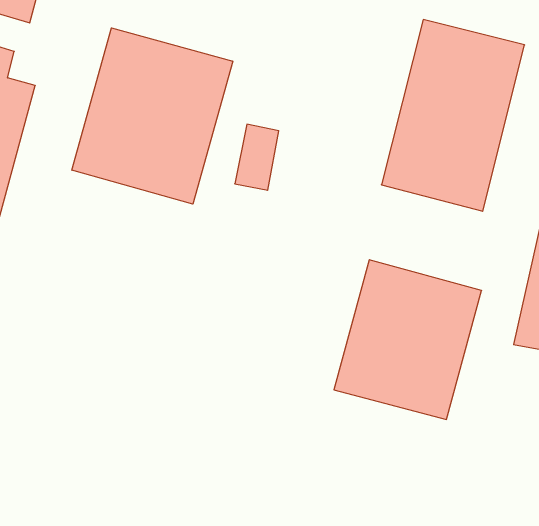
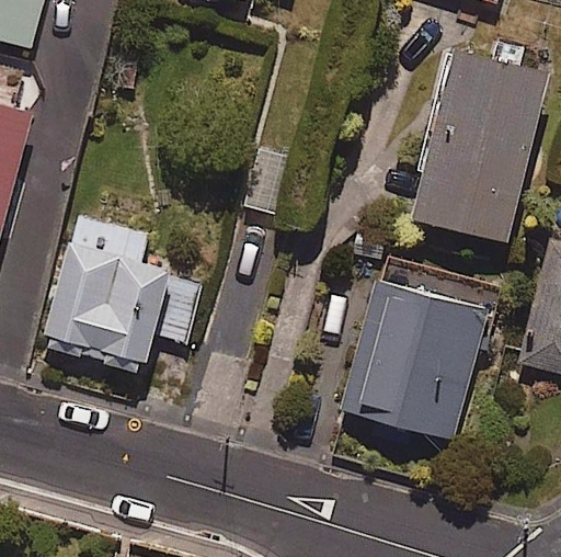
building: [72,28,233,204] -> none
building: none -> [41,215,205,373]

